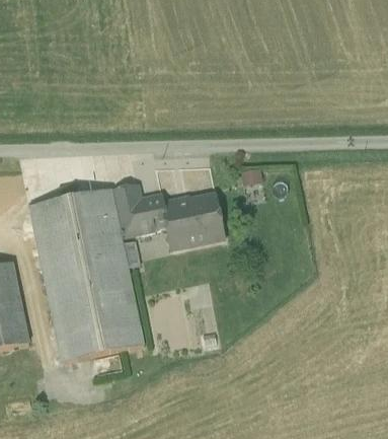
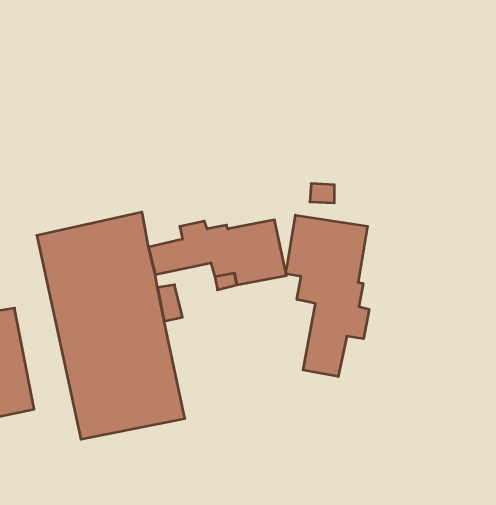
building: [111,182,143,214] -> none
building: none -> [286,215,369,377]

